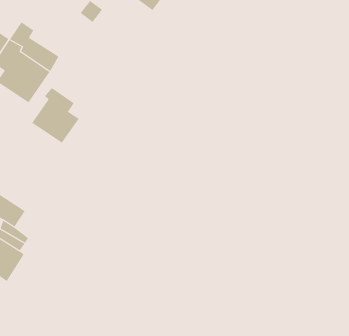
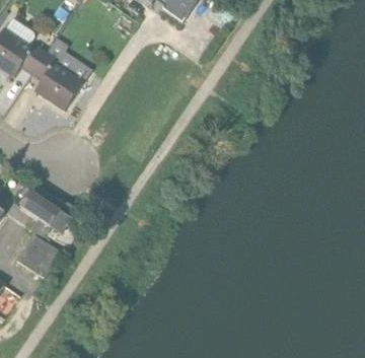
building: [32,87,79,143] -> none

